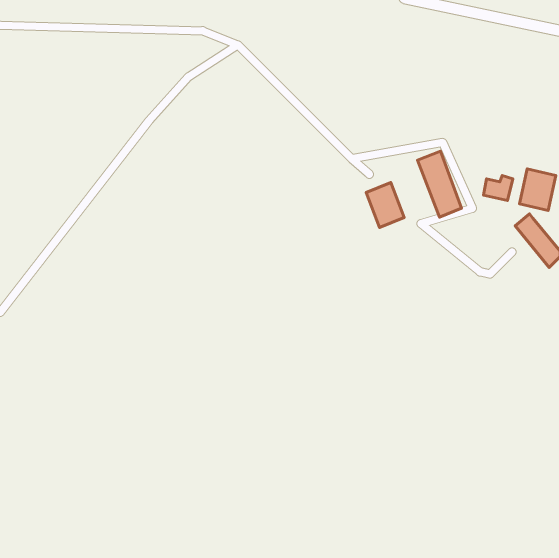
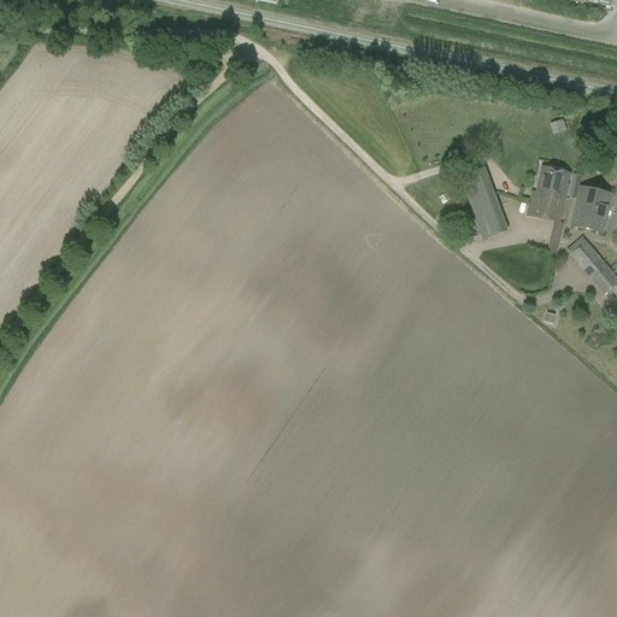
building: none -> [536,165,570,200]
building: [366,183,404,228] -> none

